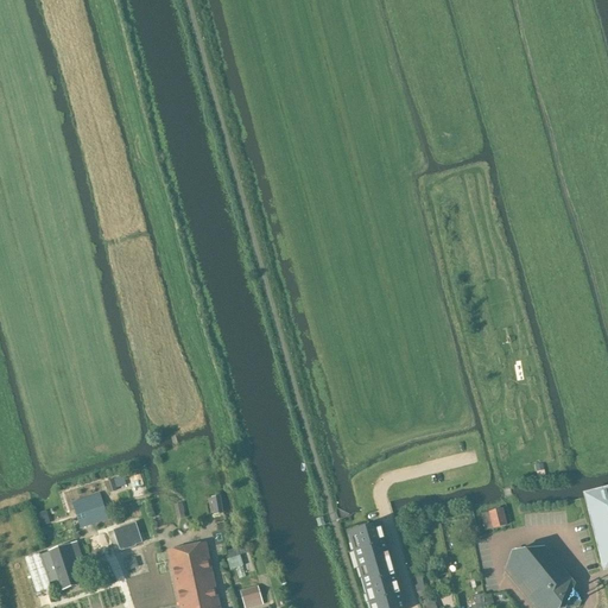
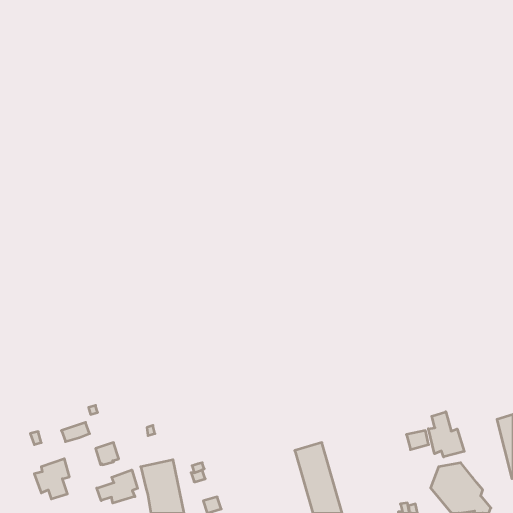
building: none -> [428,412,464,457]
building: none -> [97,470,138,503]

